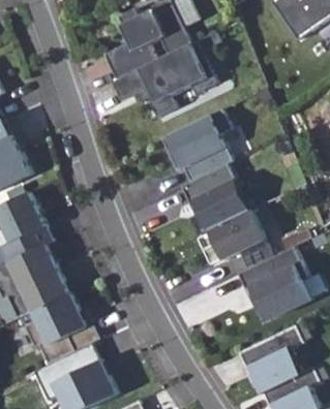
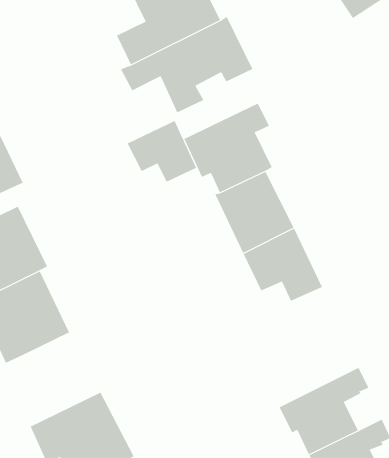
building: none -> [127,120,197,183]
building: [237,247,310,320] -> none
building: [25,293,99,364] -> none

